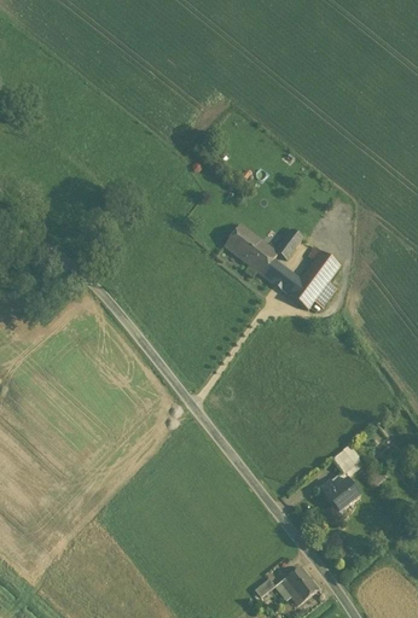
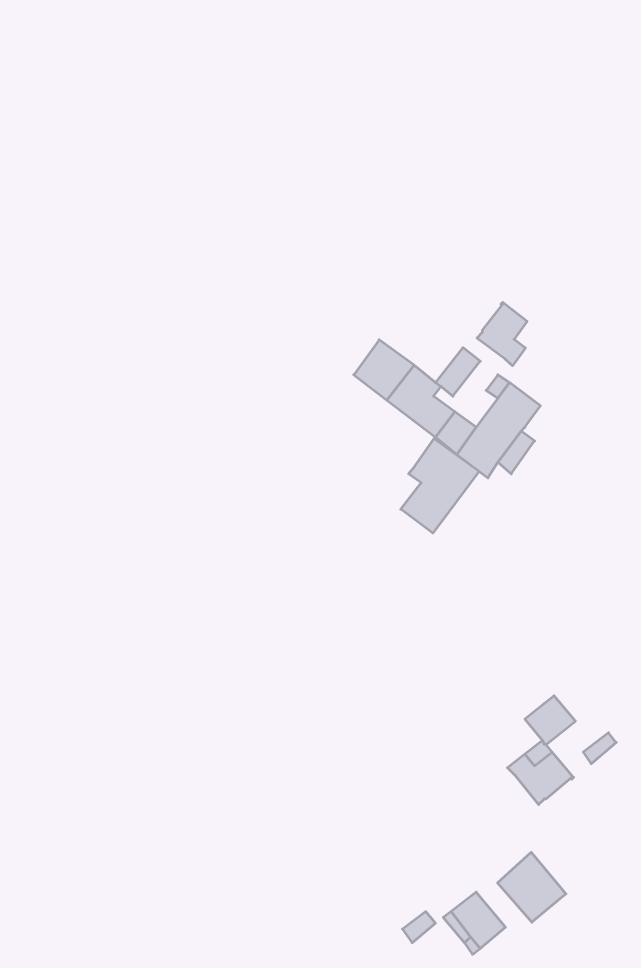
building: none -> [477,302,527,366]
building: none -> [401,438,479,533]
building: none -> [498,852,566,922]

